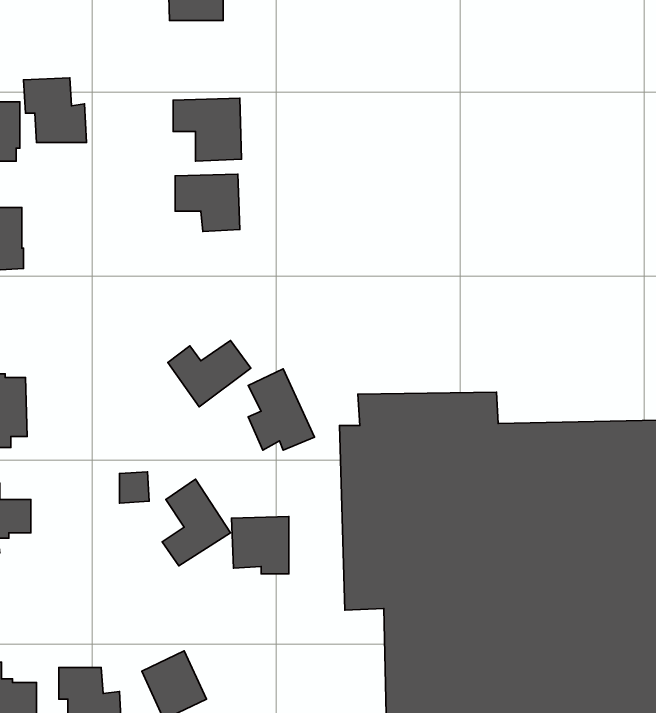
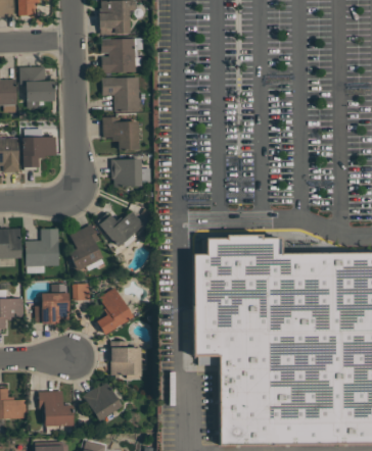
building: none -> [101,38,136,72]
building: none -> [22,136,56,167]
building: none -> [112,158,150,187]
building: [248,369,315,450] -> [69,224,106,269]
building: none -> [26,229,59,265]
building: none -> [35,292,69,322]
building: [232,516,289,574] -> [110,347,142,379]

